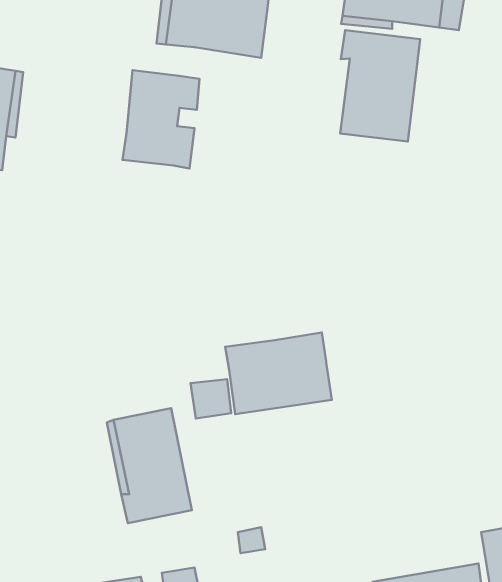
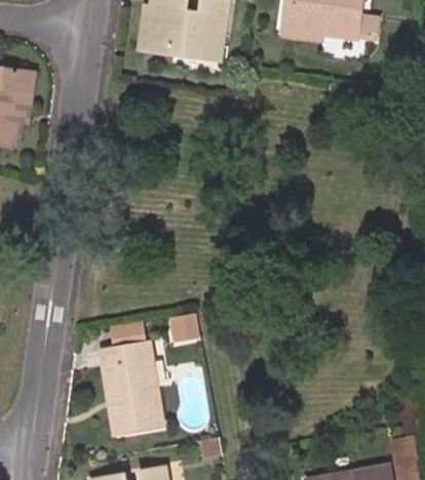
building: [340,30,420,142] -> none
building: [122,70,200,168] -> none
building: [225,332,332,414] -> none

